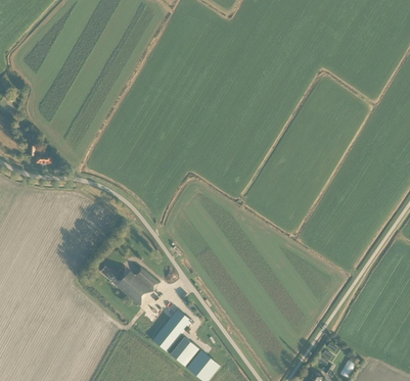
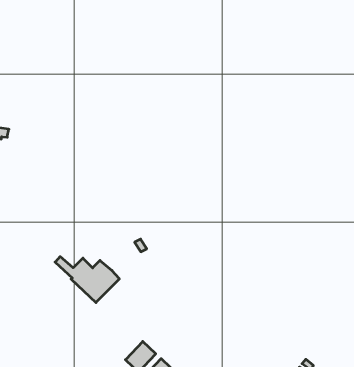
building: [152,308,191,351] -> none

